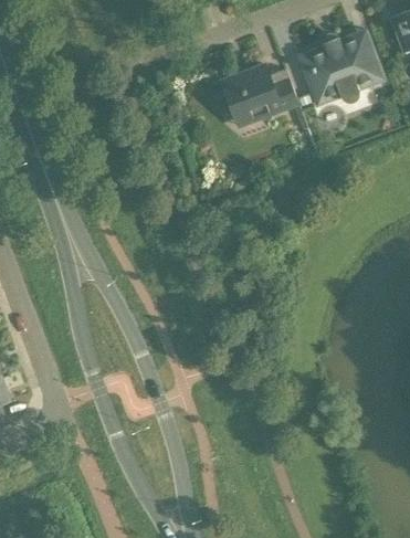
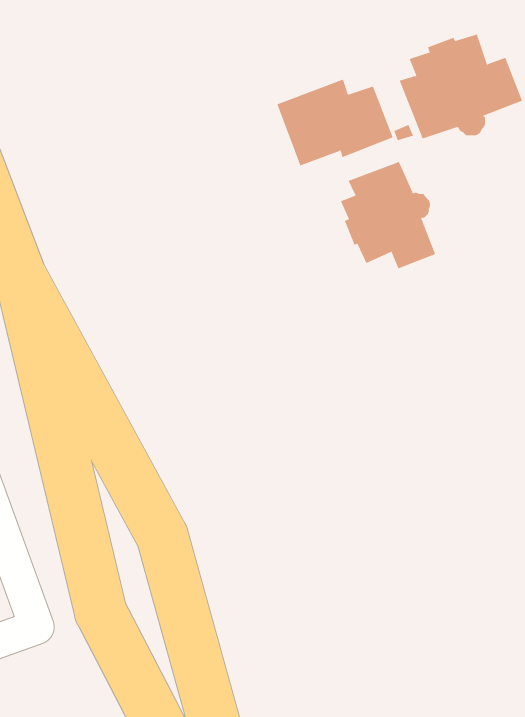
building: none -> [340,161,436,269]

